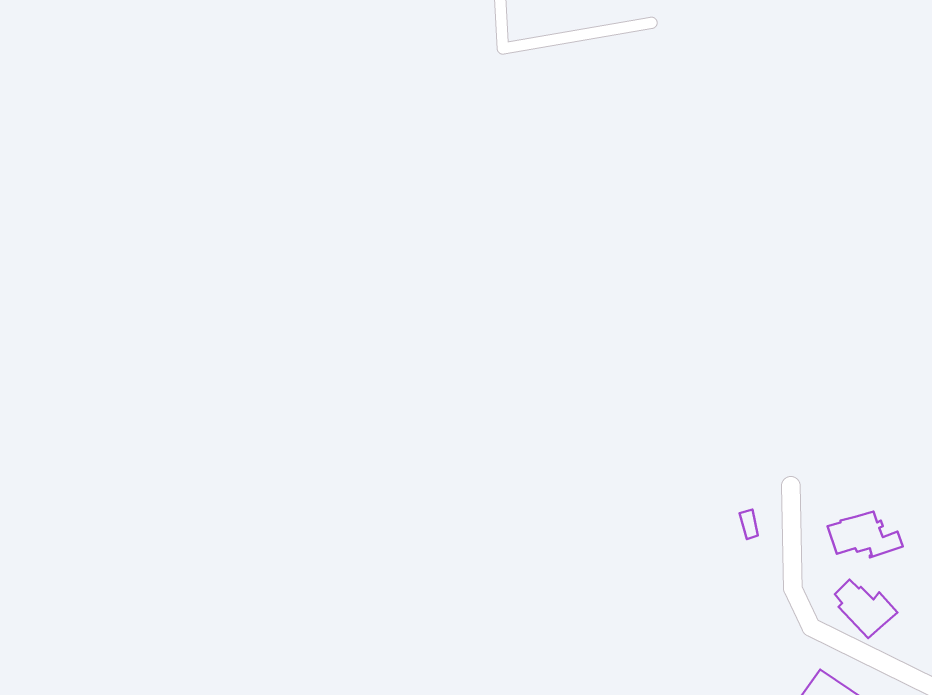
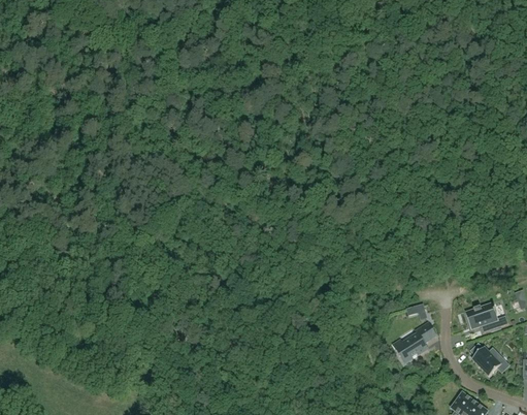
building: none -> [394,323,436,363]

